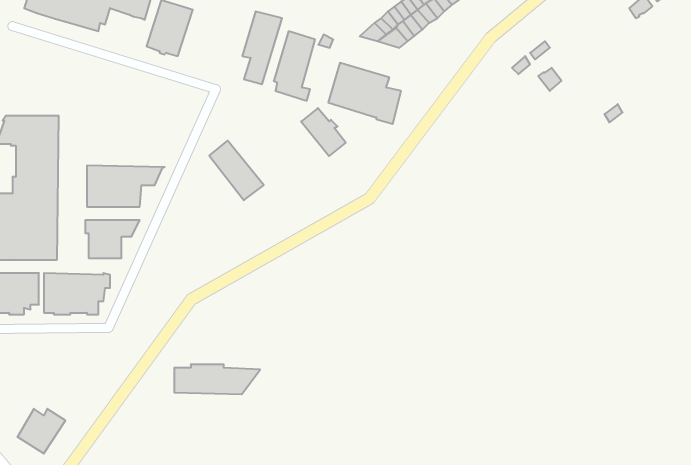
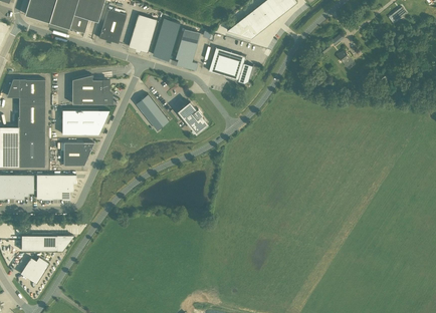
building: none -> [128,14,157,52]
building: none -> [61,74,112,104]
building: [301,108,346,156] -> [179,102,206,131]
building: [174,364,260,394] -> [20,233,72,251]

